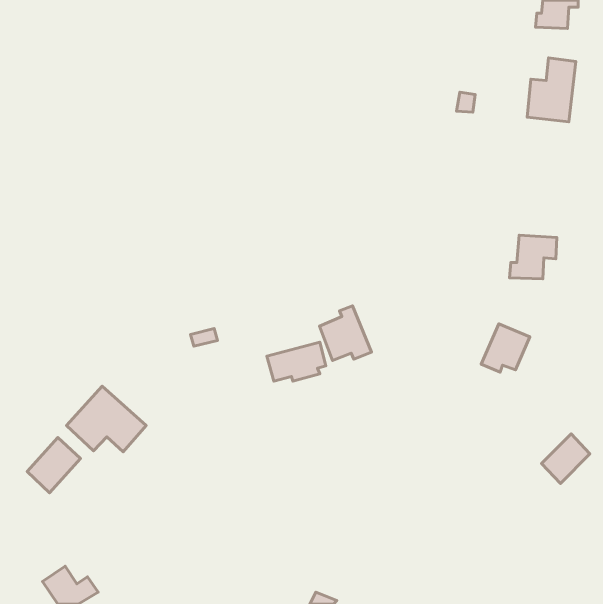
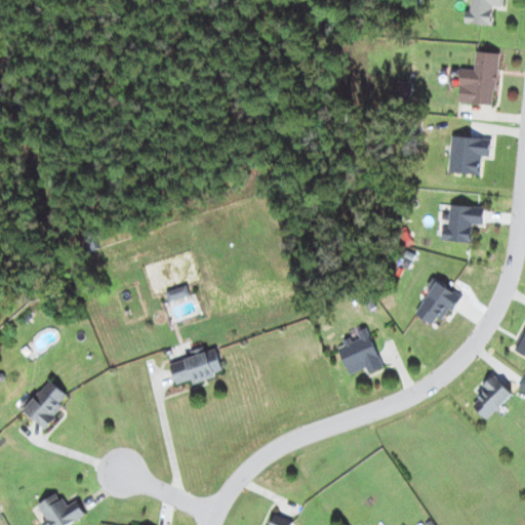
building: none -> [449,136,490,174]
building: [319,306,371,360] -> [337,327,382,374]
building: [267,342,326,381] -> [170,350,221,383]
building: [67,386,146,452] -> none

